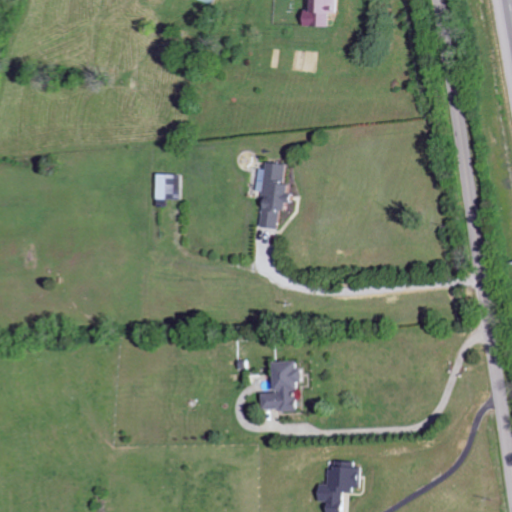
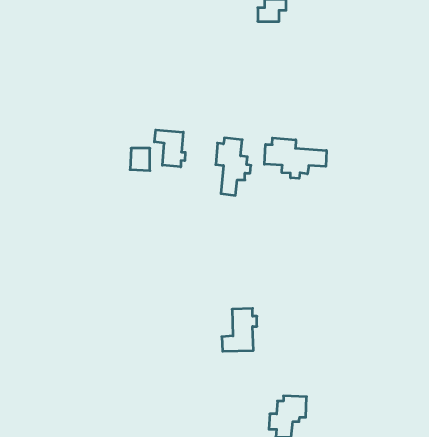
building: none -> [154,130,185,167]
building: none -> [264,138,326,178]

